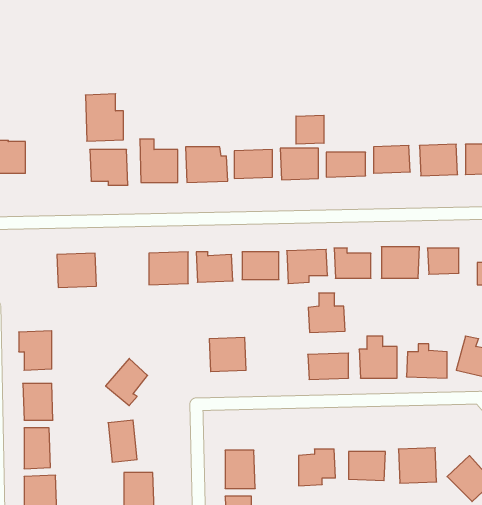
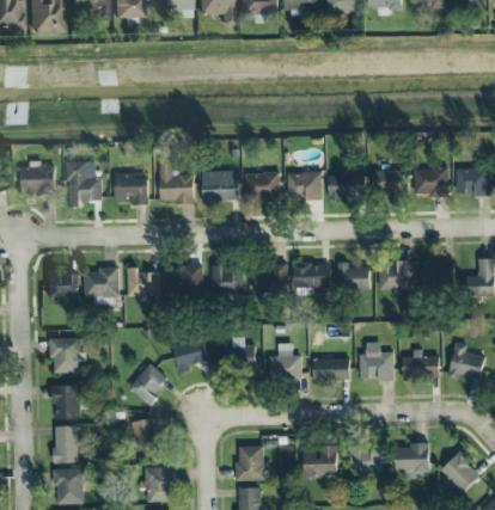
building: [85,94,123,141] -> [67,160,102,203]
building: [296,115,324,144] -> none
building: none -> [127,268,159,295]
building: none -> [45,271,78,302]
building: [308,293,345,332] -> [268,343,301,379]
building: none -> [172,338,208,369]

